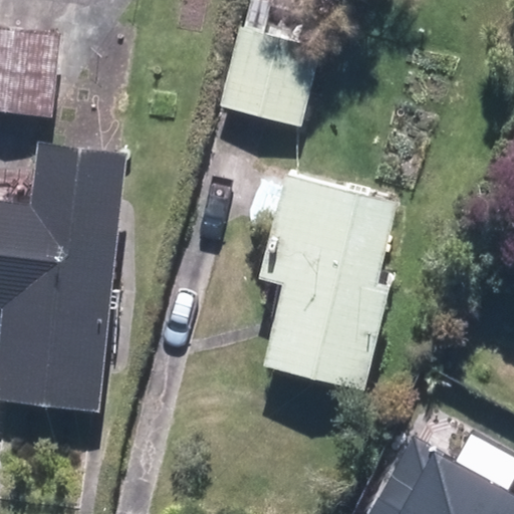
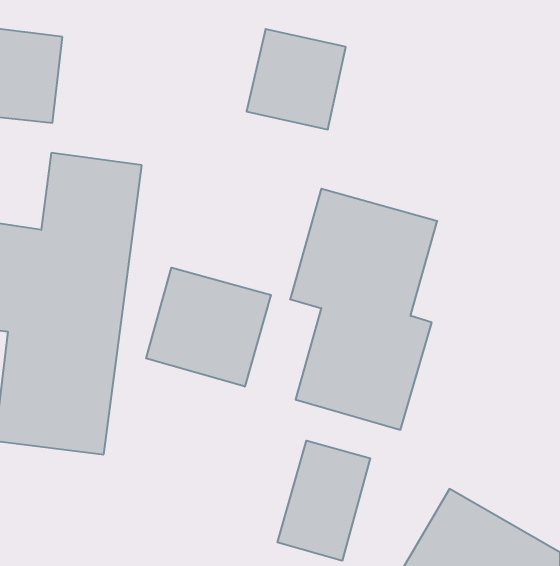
building: none -> [146,268,271,387]
building: none -> [277,441,370,561]

